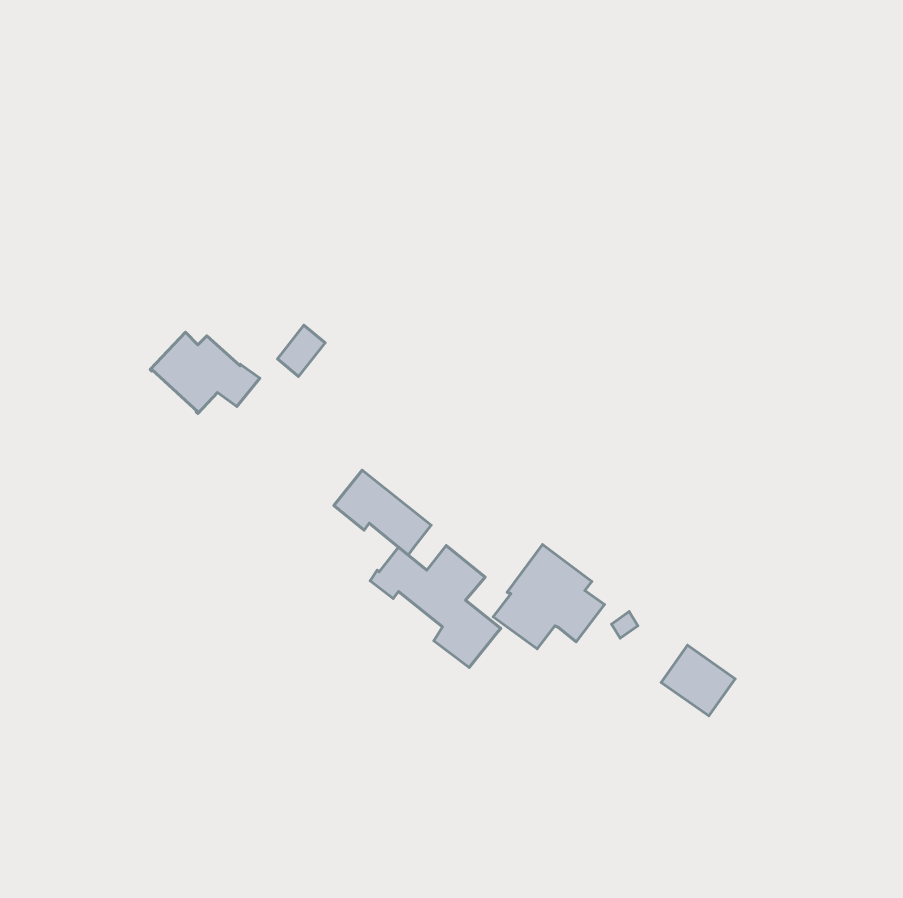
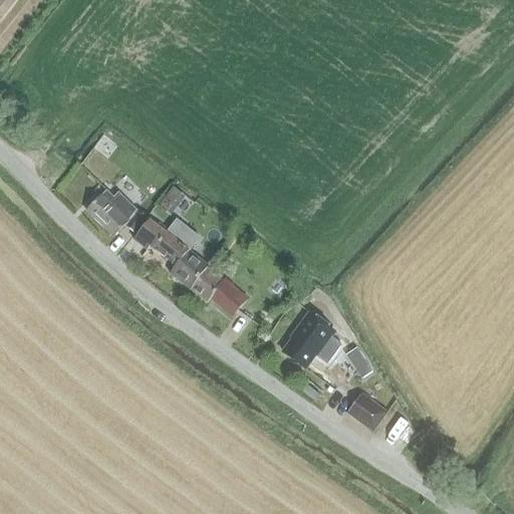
building: [370,545,501,667] -> [134,218,208,287]
building: [661,645,735,716] -> [346,392,389,432]

